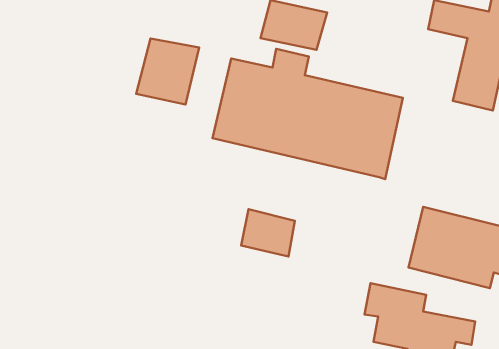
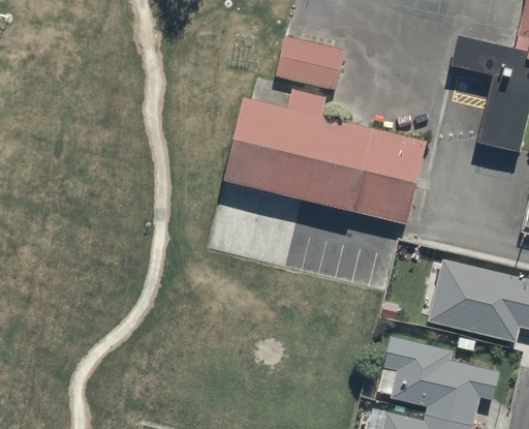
building: [136,38,199,104] -> none
building: [241,209,295,257] -> none

